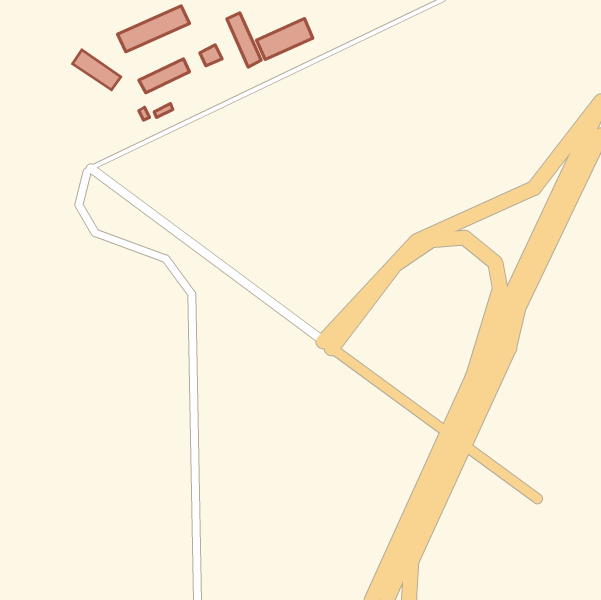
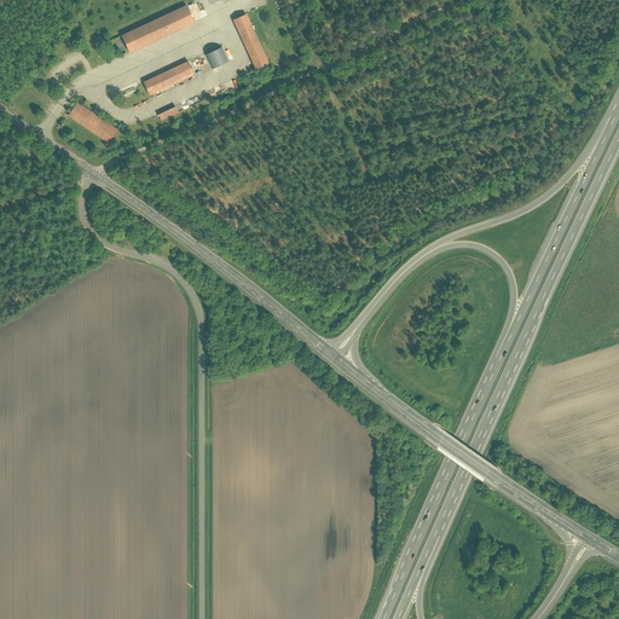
building: [257,18,313,60] -> none
building: [73,50,121,90] -> [68,100,117,141]

